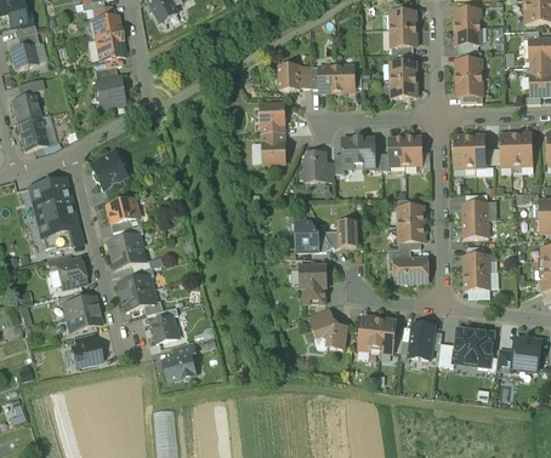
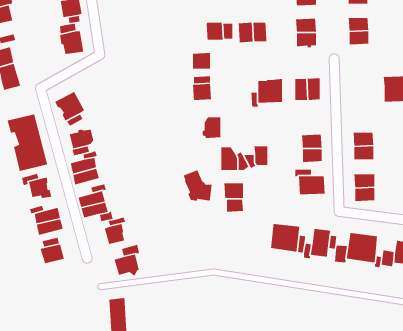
building: [453,132,485,166] -> none
building: [301,151,325,179] -> [202,116,221,139]
building: [308,307,346,347] -> [182,169,213,201]

